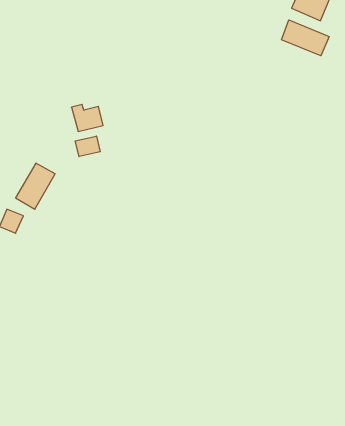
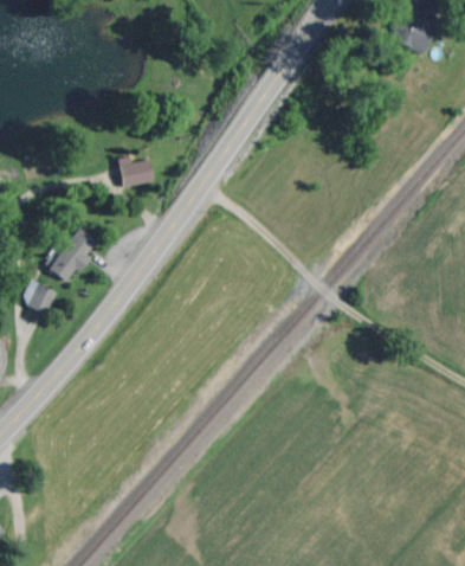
building: [281,20,329,56] -> none
building: [75,136,100,157] -> none

